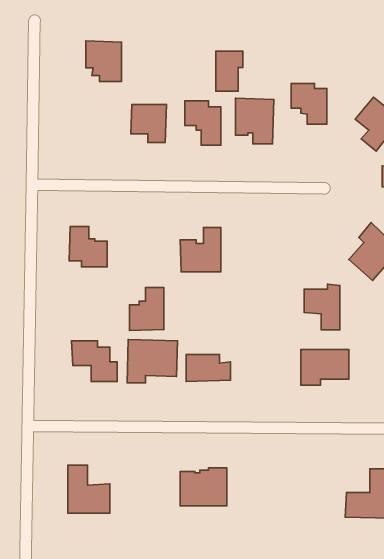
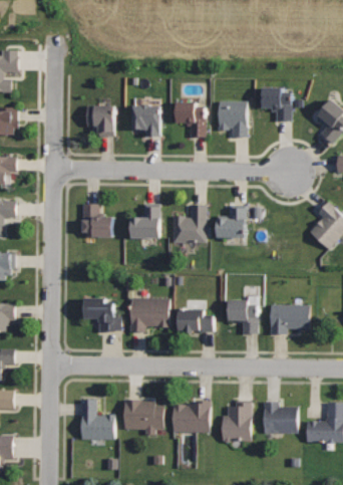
building: [86,41,122,82] -> [86,104,115,138]
building: [216,51,243,91] -> none
building: none -> [217,206,245,237]
building: [304,284,340,330] -> [228,296,257,333]
building: [129,287,164,331] -> [130,204,158,239]
building: none -> [123,401,163,435]
building: none -> [221,402,252,441]
building: none -> [263,402,297,433]

